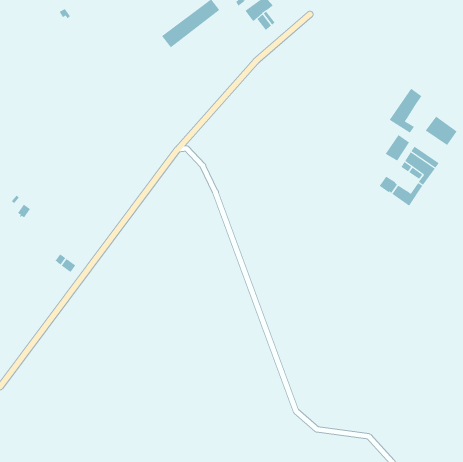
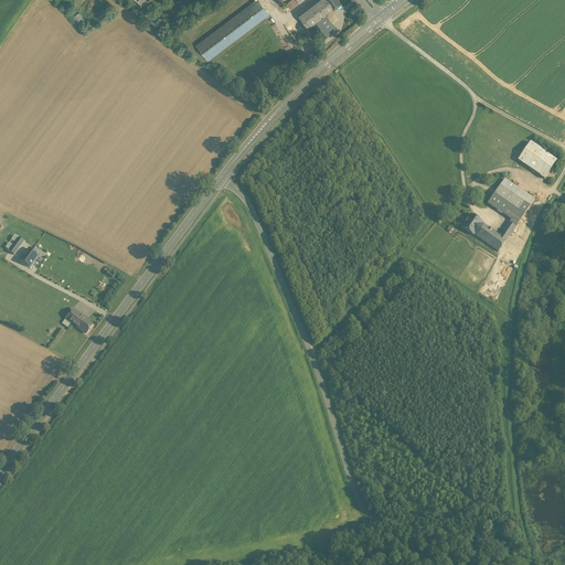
building: [389,88,422,133] -> none
building: [385,134,410,162] -> none

